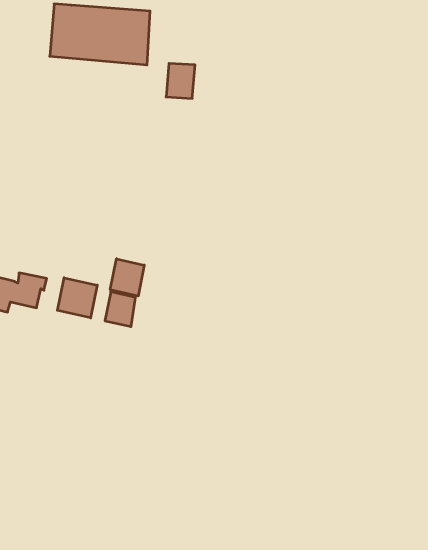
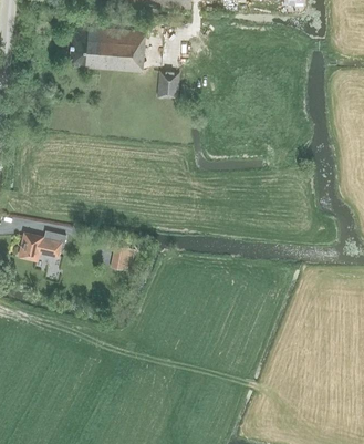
building: [110,259,144,296] -> none
building: [57,278,97,318] -> none

